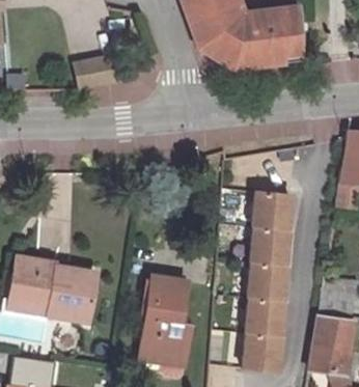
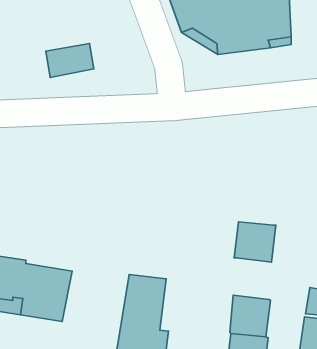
building: [252,191,292,229] -> none
building: [248,260,287,300] -> none

